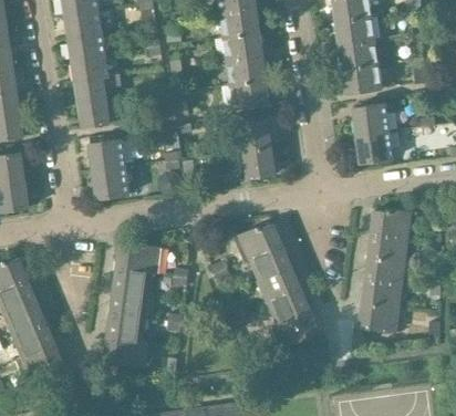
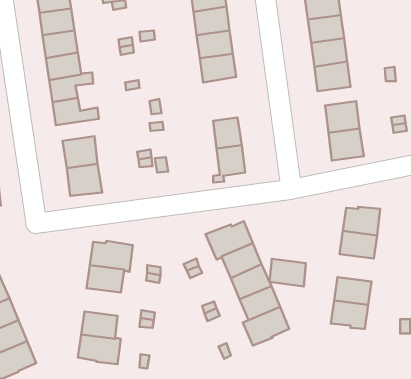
building: [231,79,268,108] -> none
building: [366,257,403,284] -> [270,259,306,286]
building: [112,291,148,319] -> none

